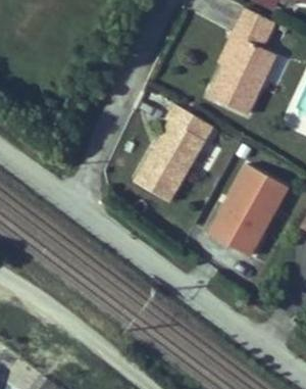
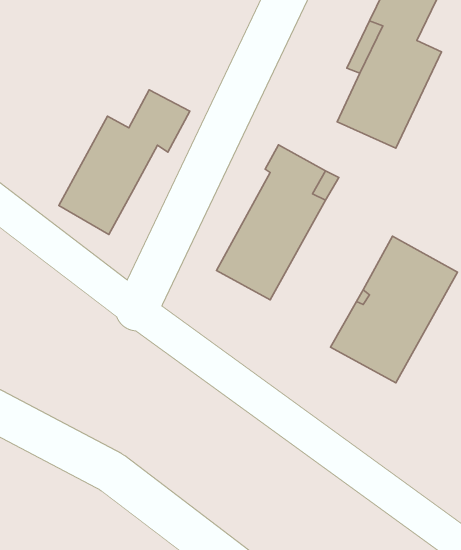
building: none -> [59,90,190,234]

